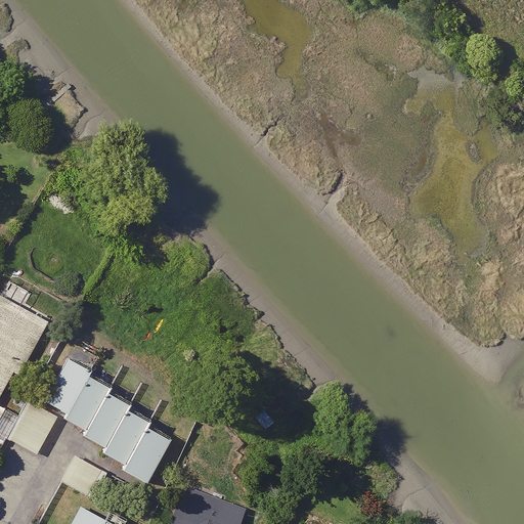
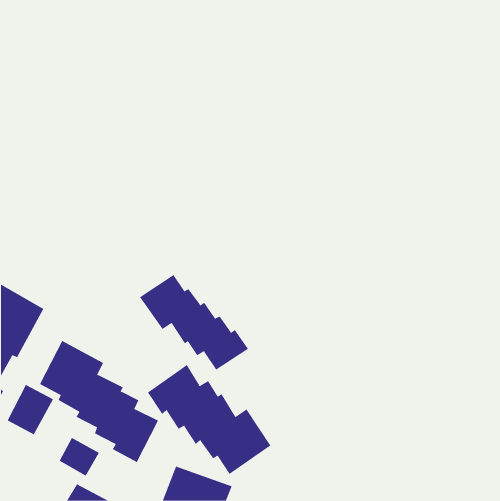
building: none -> [139,274,249,371]
building: none -> [147,364,271,475]

